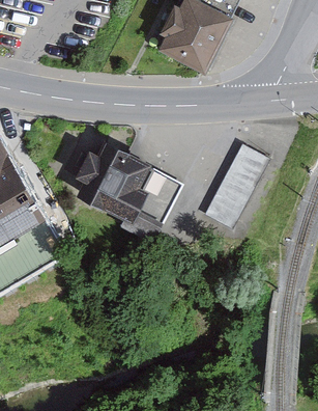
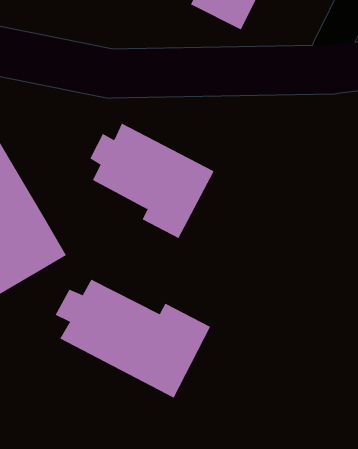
building: [205,144,267,226] -> none
building: none -> [55,279,211,398]

